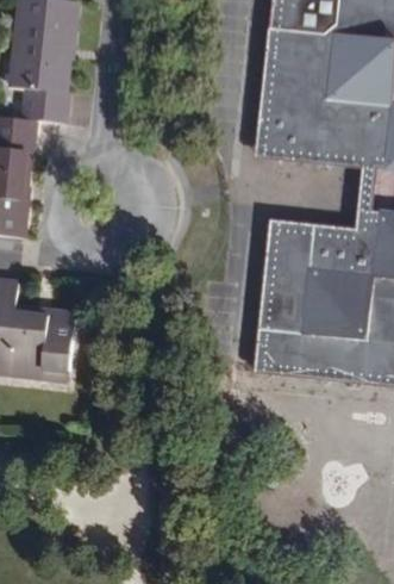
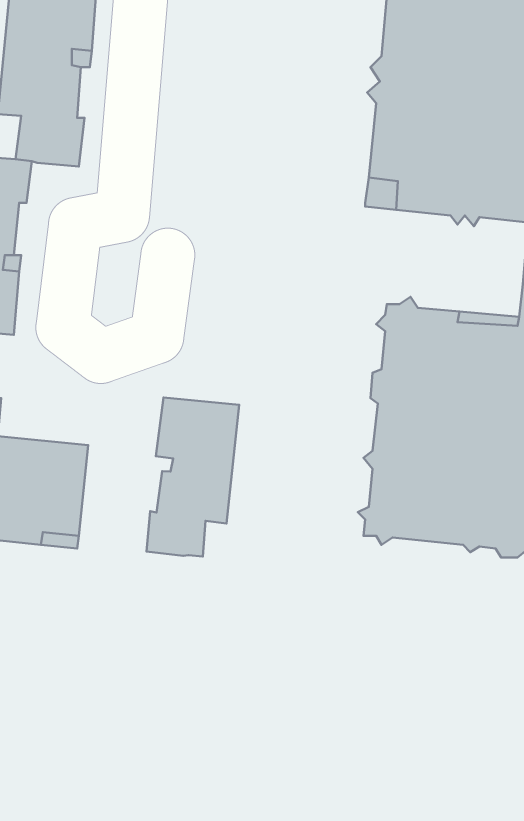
building: none -> [147,397,239,557]

